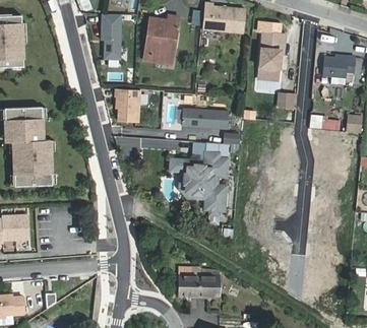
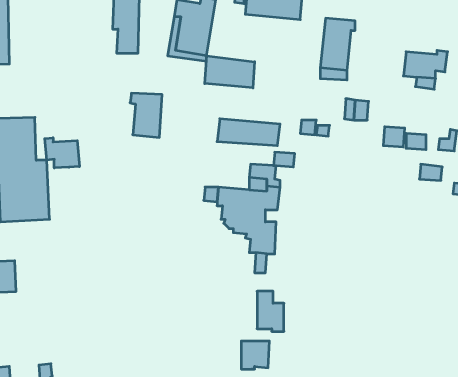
building: none -> [205,56,255,88]
building: none -> [45,138,79,168]
building: [179,267,199,298] -> [257,291,284,331]

